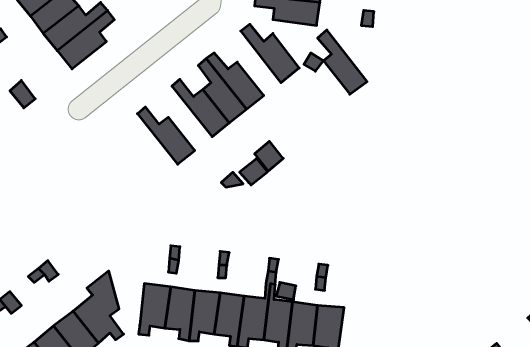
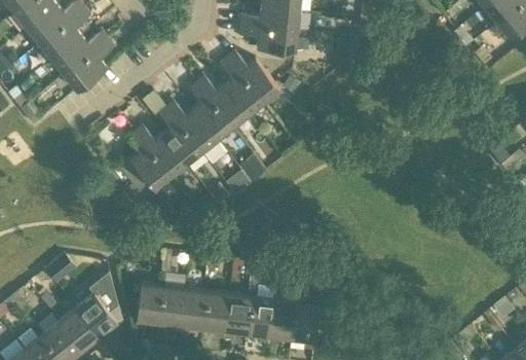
building: [318,30,367,94] -> [218,57,262,114]
building: none -> [157,106,200,164]
building: none -> [125,131,170,189]

